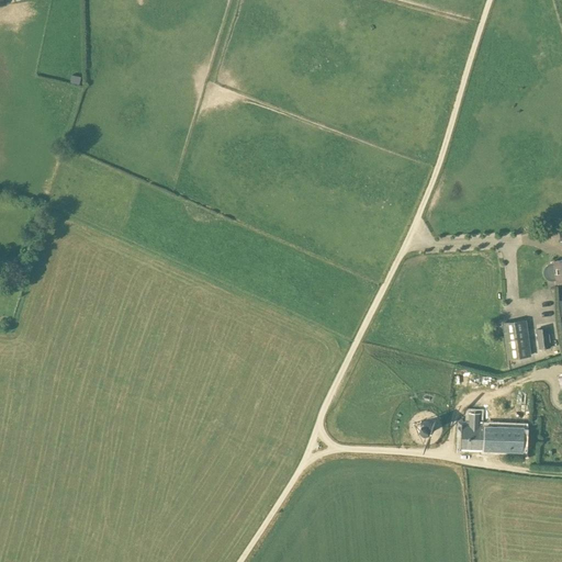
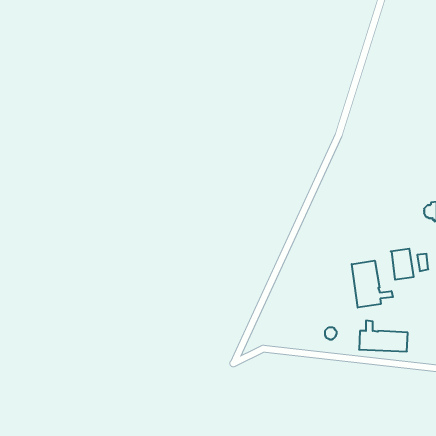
building: none -> [352,261,393,308]

